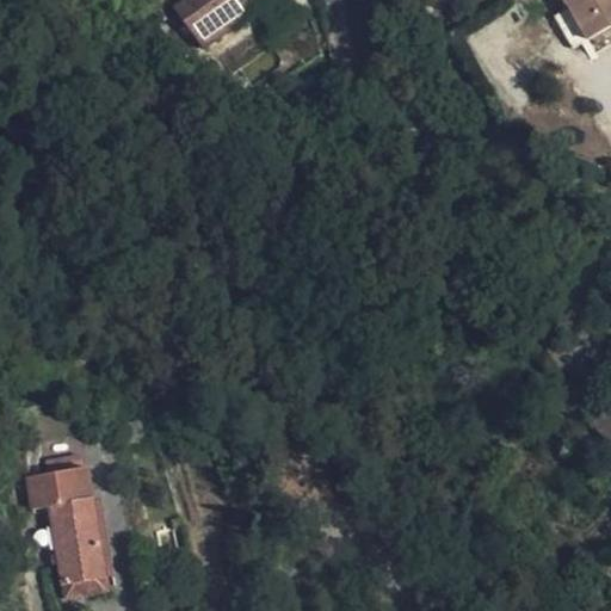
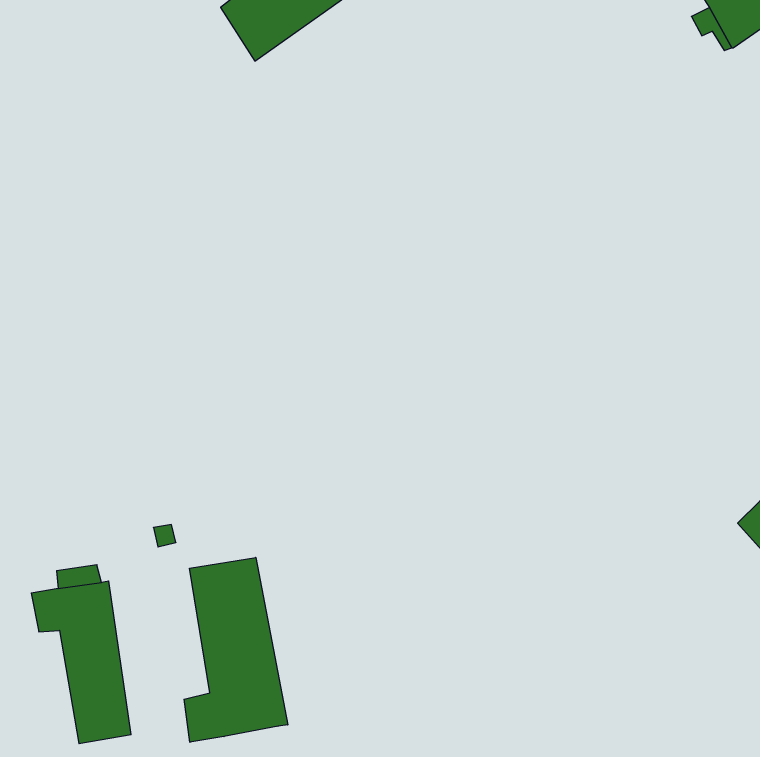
building: none -> [184,557,288,742]

